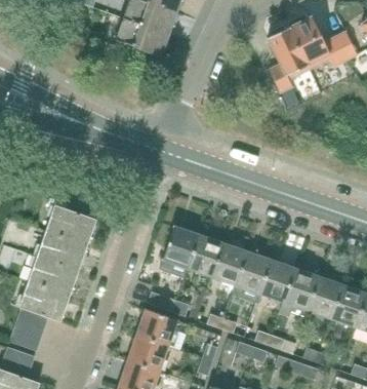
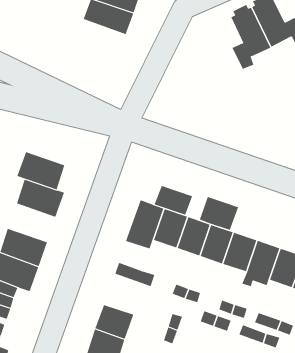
building: none -> [154,185,193,215]
building: none -> [199,196,239,231]
building: [37,230,87,270] -> [17,151,65,190]
building: [136,308,177,345] -> none

